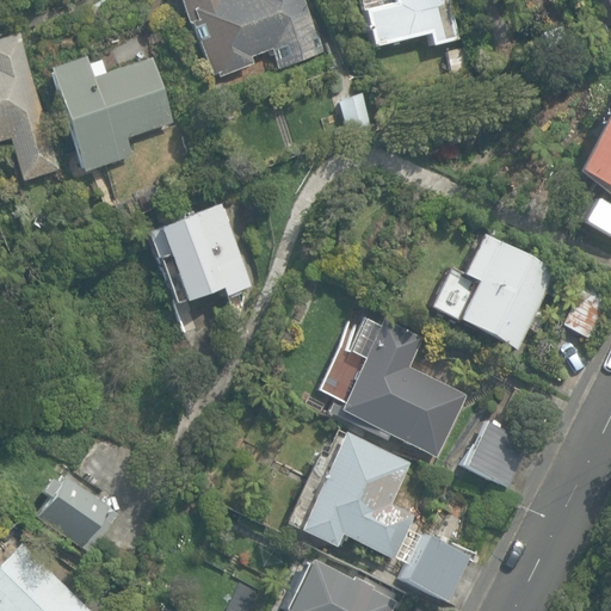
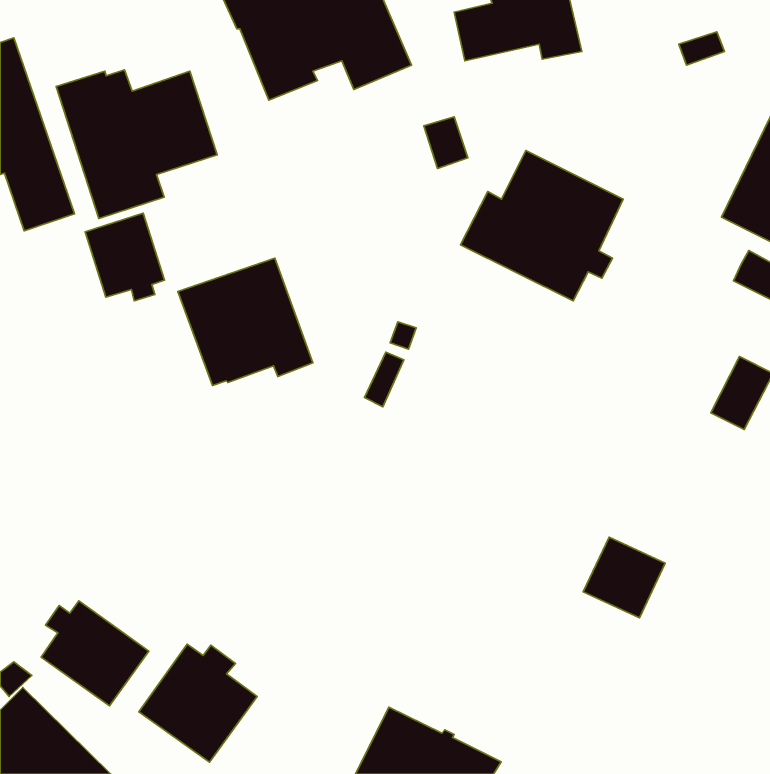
building: none -> [85,213,165,301]
building: [428,234,556,352] -> [461,151,623,301]
building: [338,317,467,457] -> none
building: [296,431,467,601] -> none
building: none -> [139,644,257,762]

